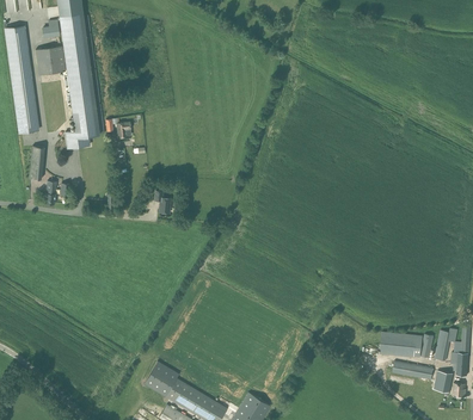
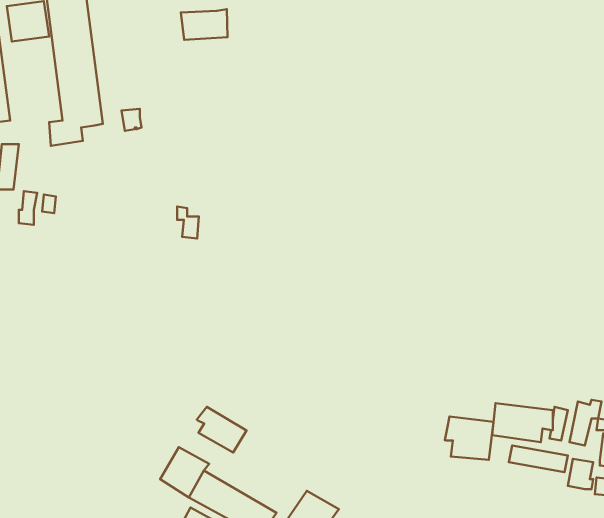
building: none -> [181,9,227,40]
building: none -> [197,407,247,453]
building: none -> [445,417,493,460]

